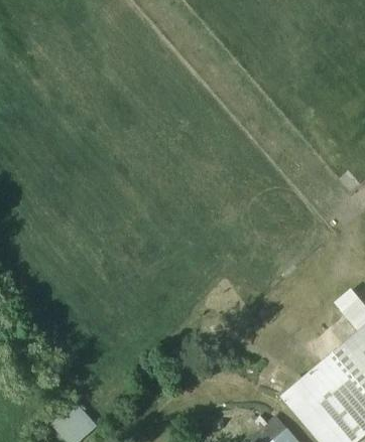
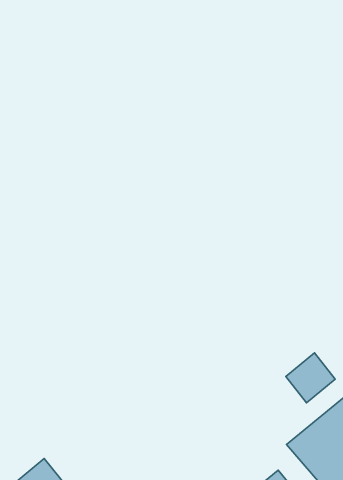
building: none -> [286,353,335,403]

